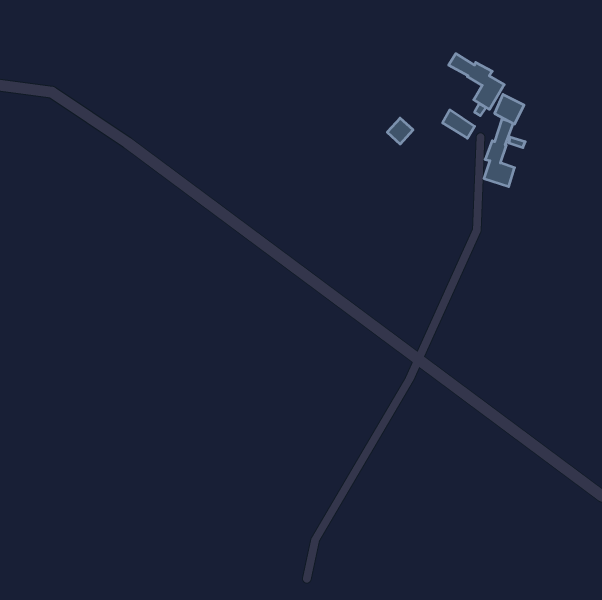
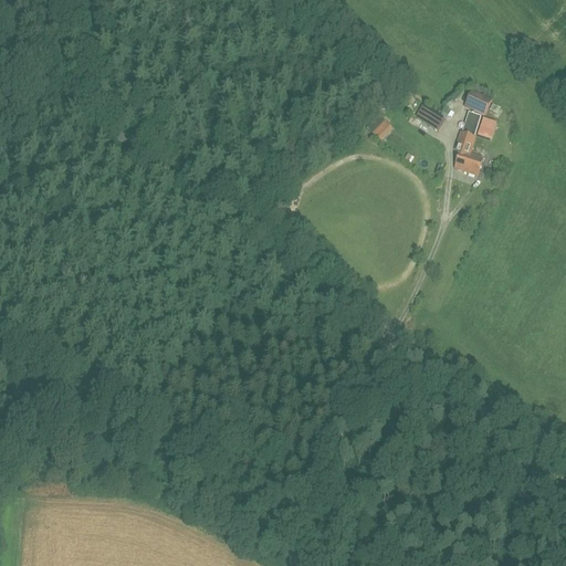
building: [449,54,504,109] -> none

